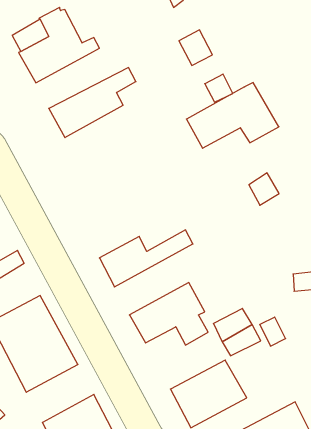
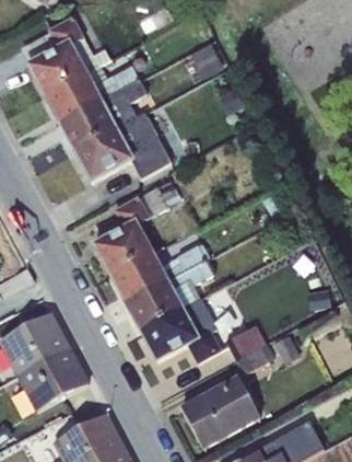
building: none -> [46,66,140,122]
building: [186,83,279,148] -> [75,114,169,181]
building: none -> [94,181,181,274]
building: none -> [126,259,213,332]

